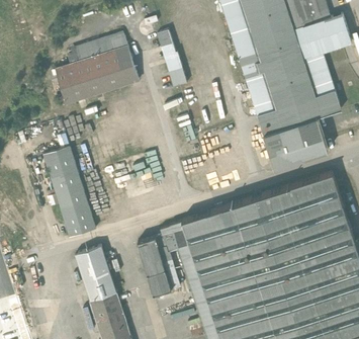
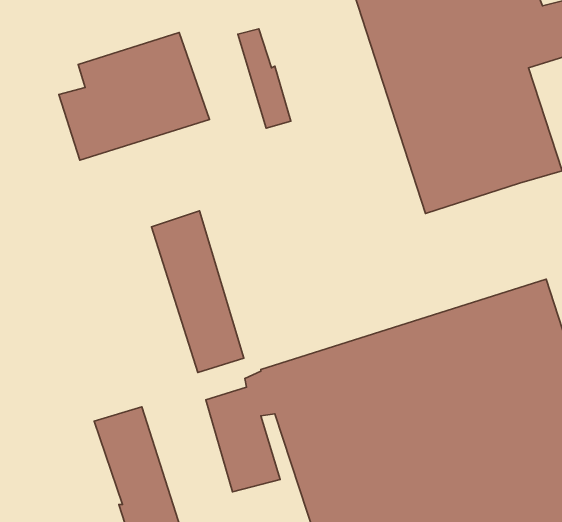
building: [264,120,328,171] -> none
building: [43,148,96,240] -> [152,211,244,372]

